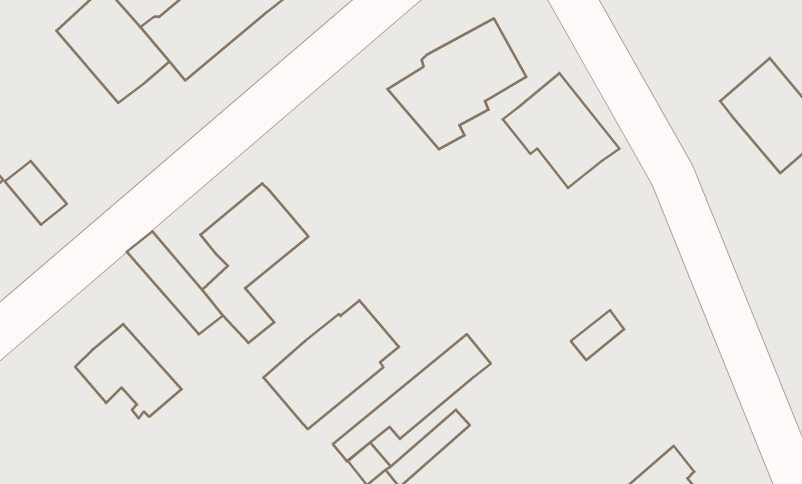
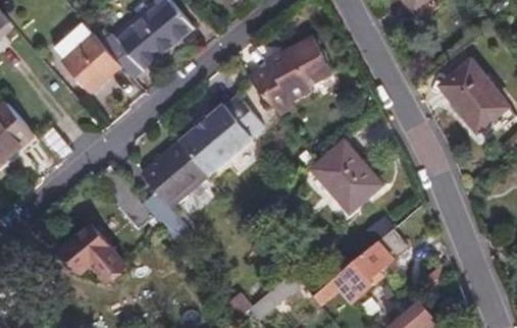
building: [503,73,619,188] -> [312,140,381,208]
building: [263,300,399,429] -> [179,96,260,172]
building: [333,334,491,461] -> [310,228,404,304]

